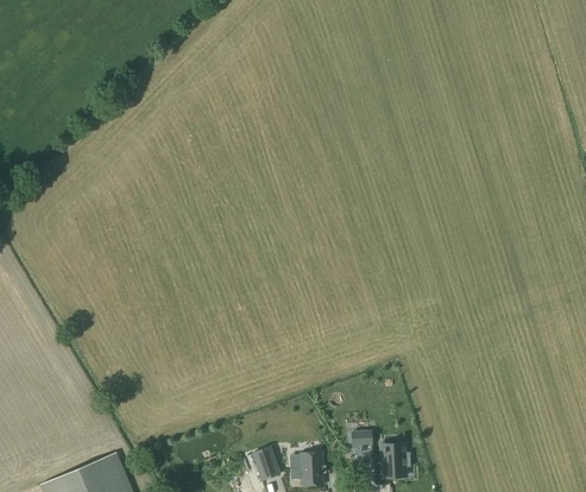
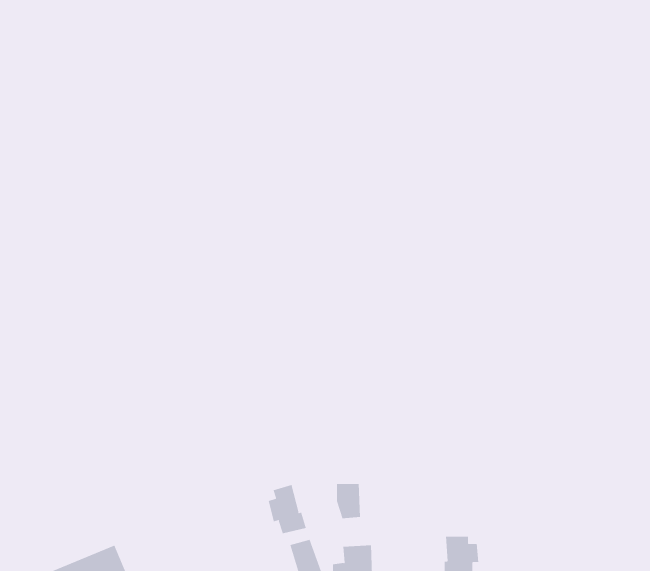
building: none -> [268,484,307,534]
building: [352,431,372,460] -> [336,483,361,519]

